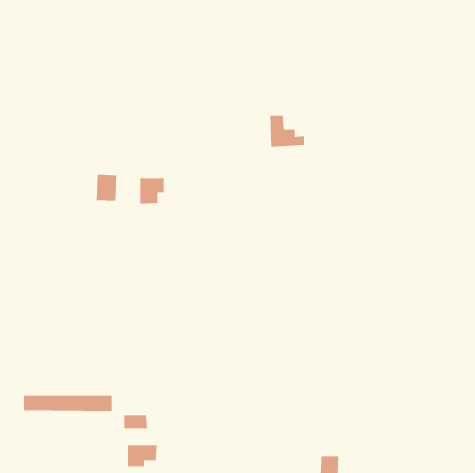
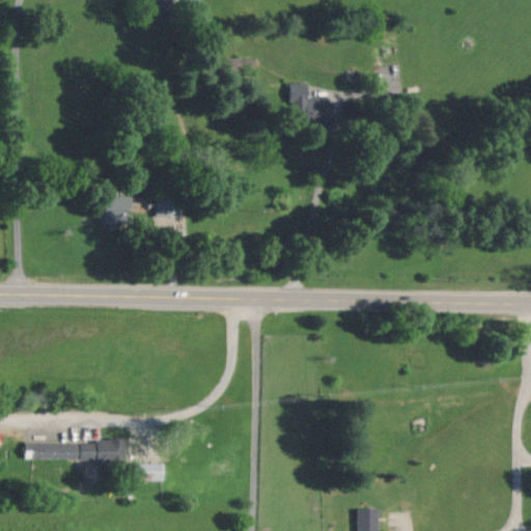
building: [270,115,305,147] -> [291,84,331,120]
building: [127,444,157,467] -> none

